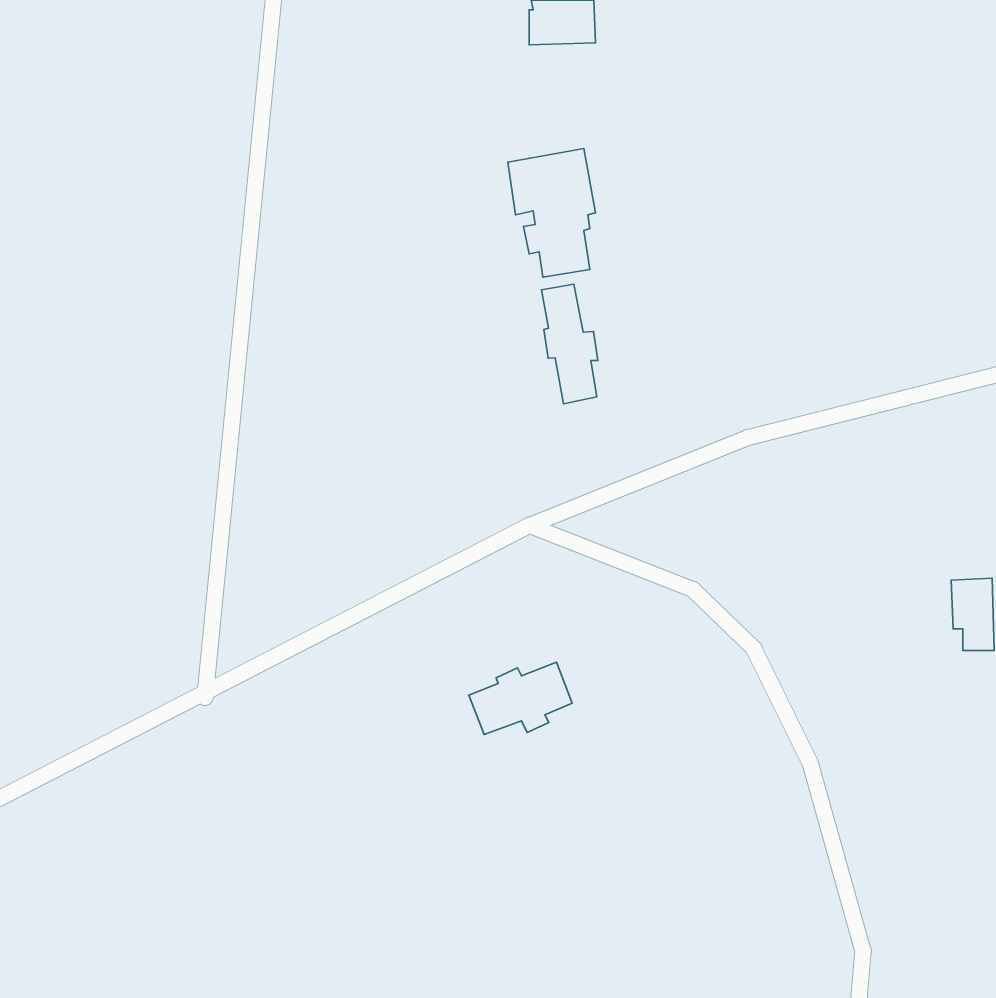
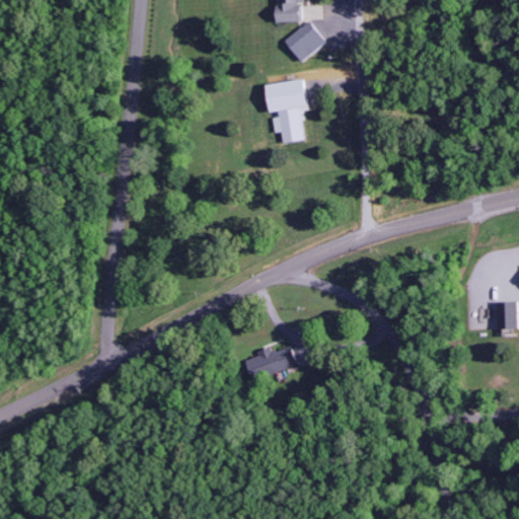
building: none -> [284,26,316,58]
building: [542,284,598,404] -> none

